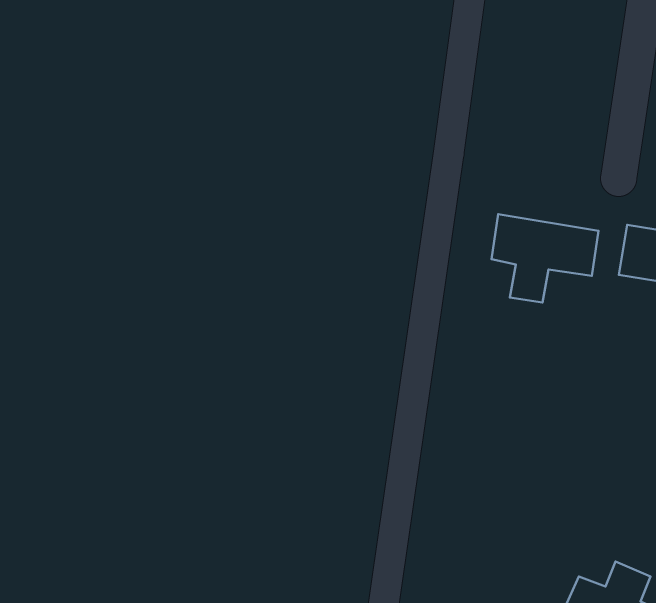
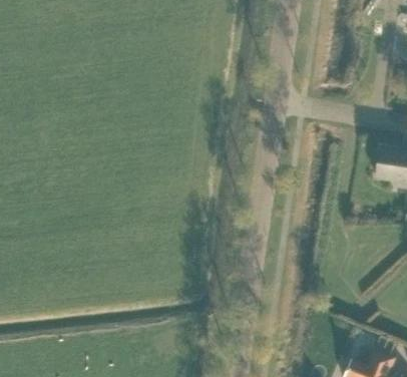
building: [492,214,599,302] -> none

